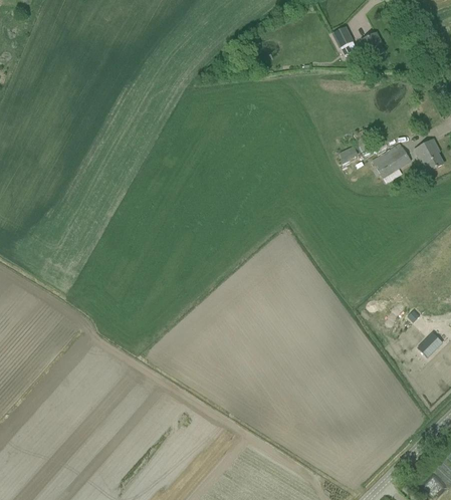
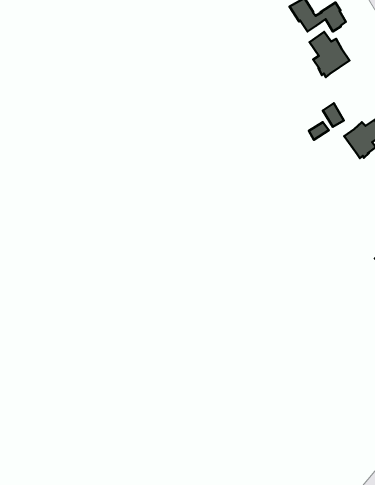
building: none -> [309,32,350,77]

